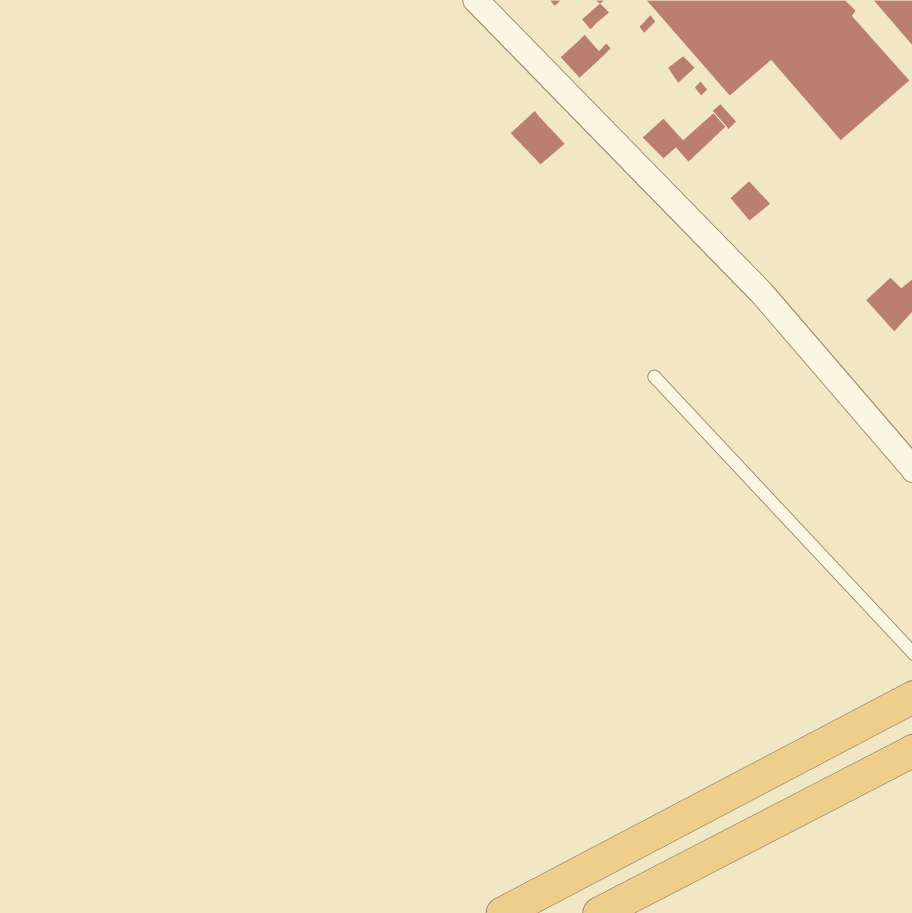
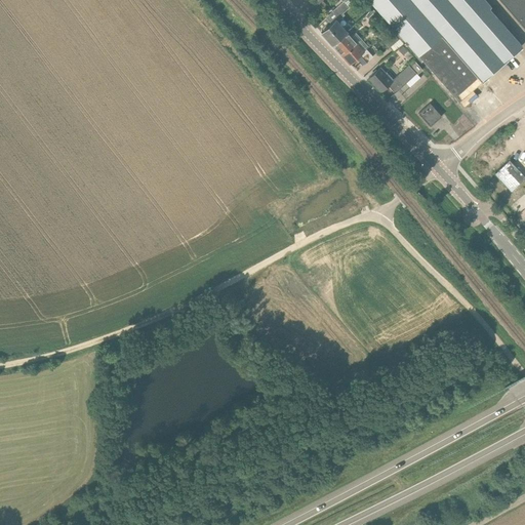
building: none -> [419,35,483,108]
building: [510,110,565,165] -> [333,32,365,64]

